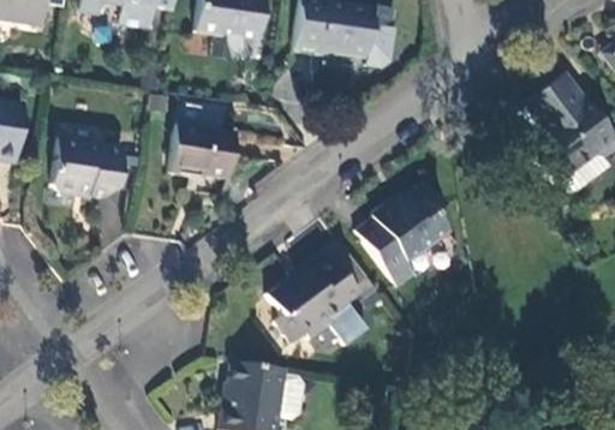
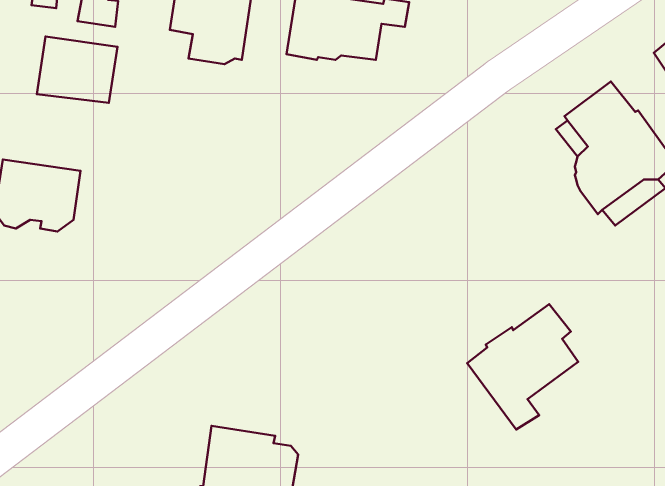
building: [169,124,237,179] -> [37,37,117,103]
building: [358,180,450,285] -> [467,304,578,430]
building: [268,250,359,342] -> none

